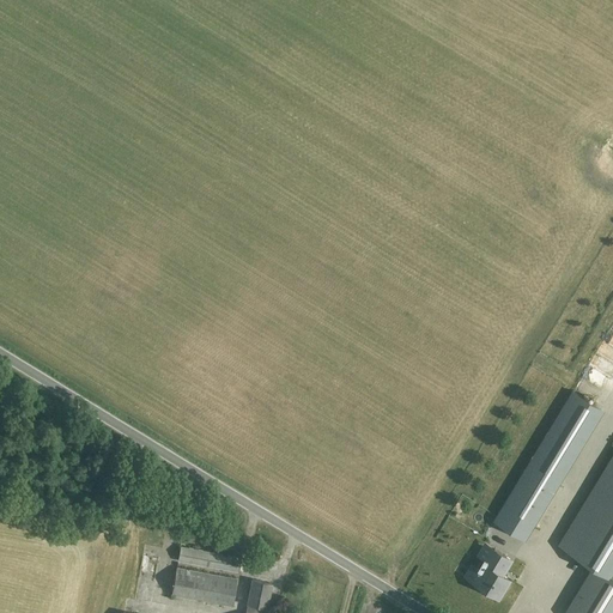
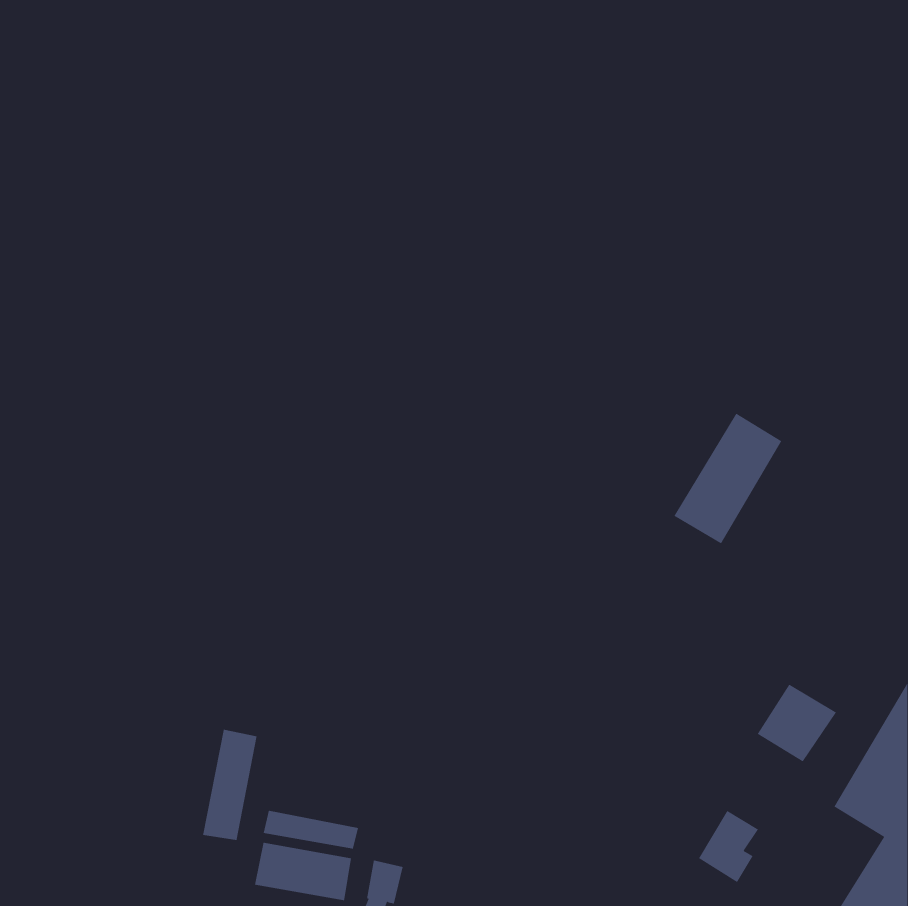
building: [532,393,605,481] -> [674,413,782,544]
building: none -> [203,729,257,841]
building: [496,496,541,540] -> none

